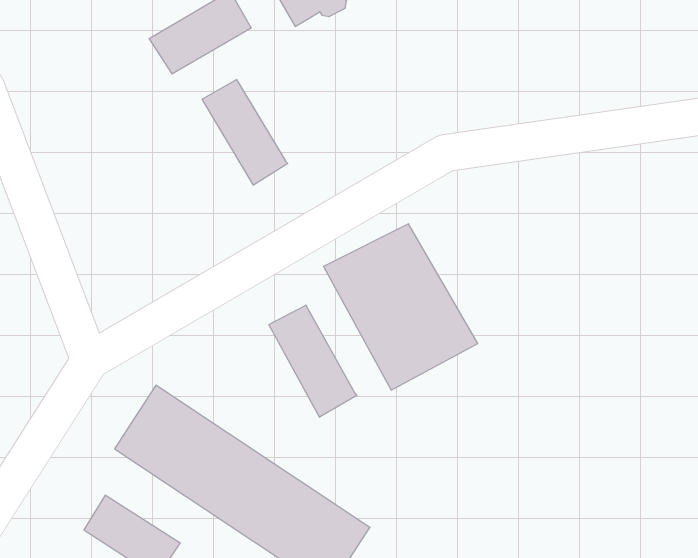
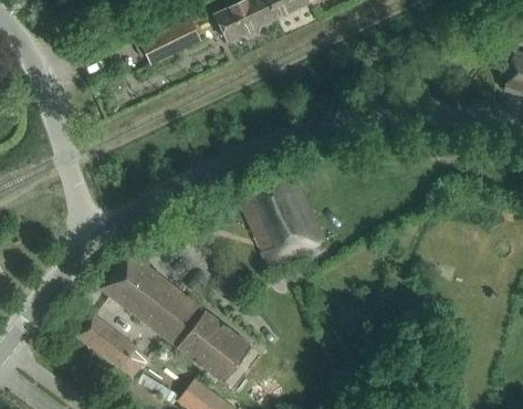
building: [202,80,288,185] -> none
building: [269,305,357,417] -> none

